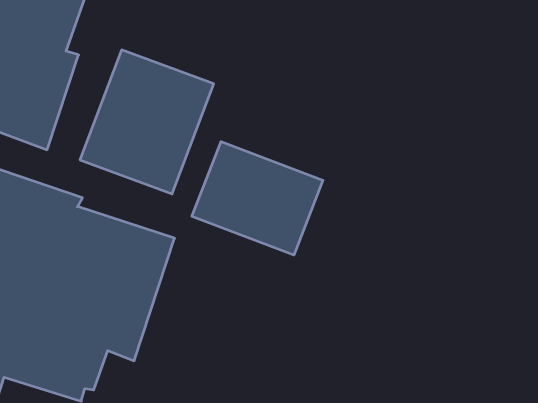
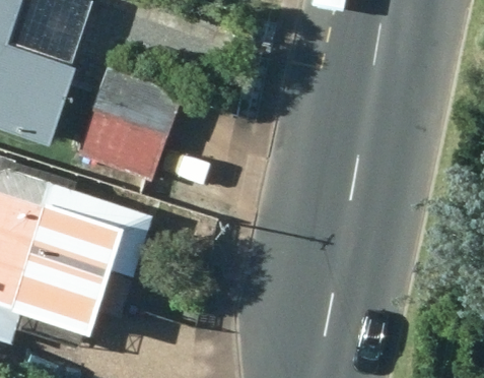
building: [192,142,323,255] -> none

